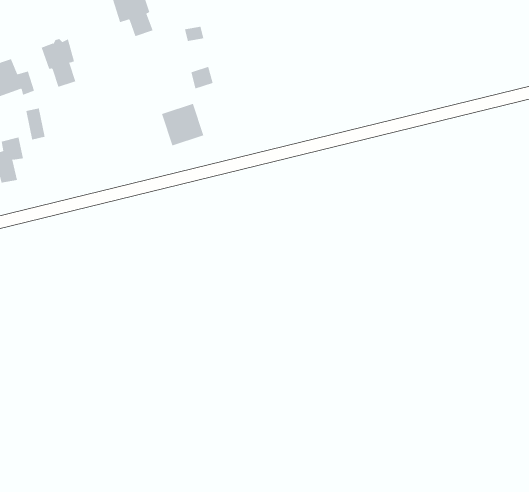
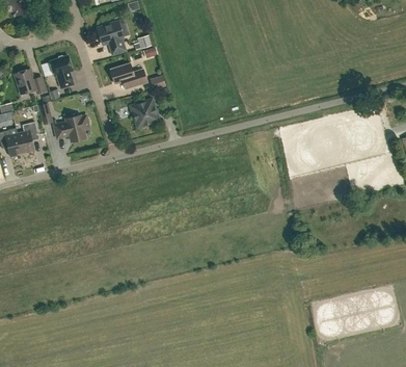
building: none -> [110,63,146,89]
building: none -> [53,117,85,141]

